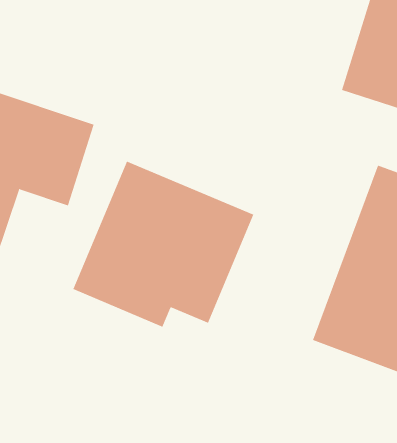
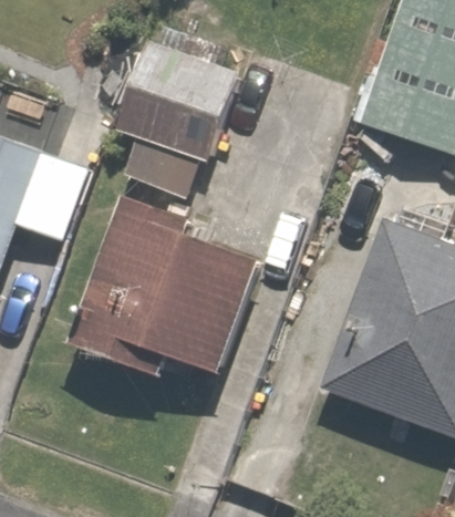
building: none -> [124,40,246,162]

